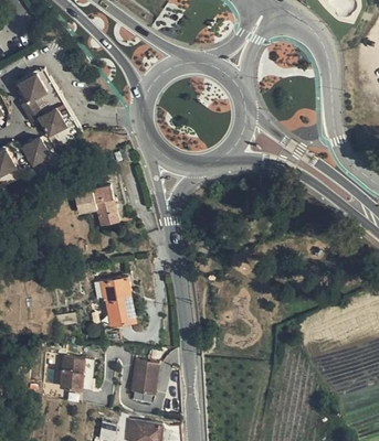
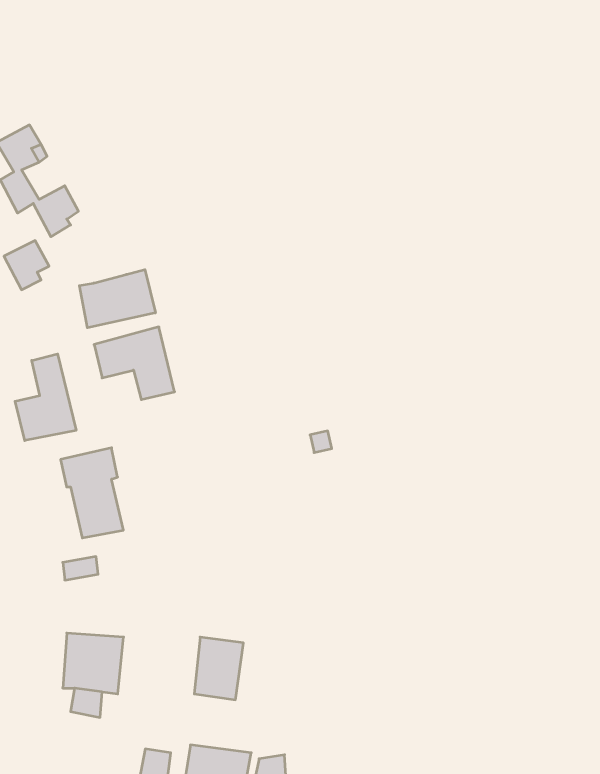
building: none -> [79,270,155,328]
building: none -> [15,354,76,441]
building: [99,276,135,326] -> [61,448,123,538]

